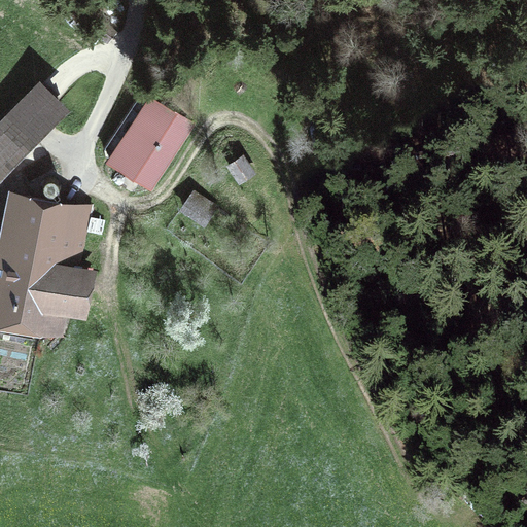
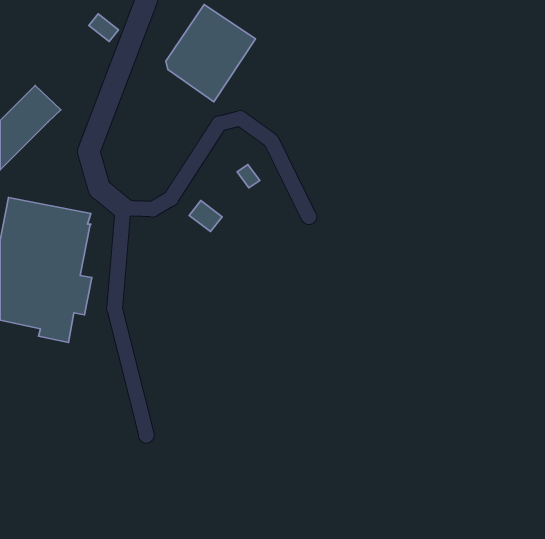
building: [102,96,188,189] -> [166,5,256,102]

